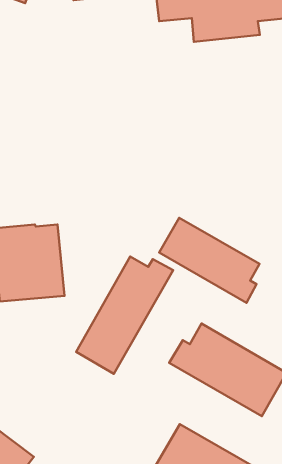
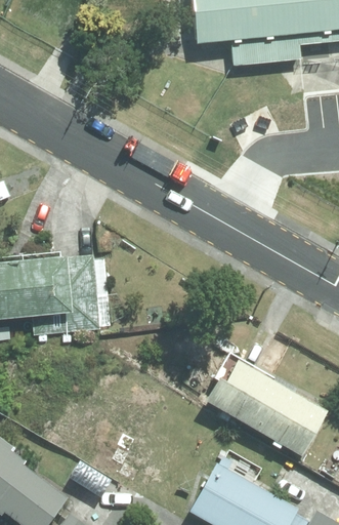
building: [159,218,260,303] -> none
building: [76,256,173,374] -> none

